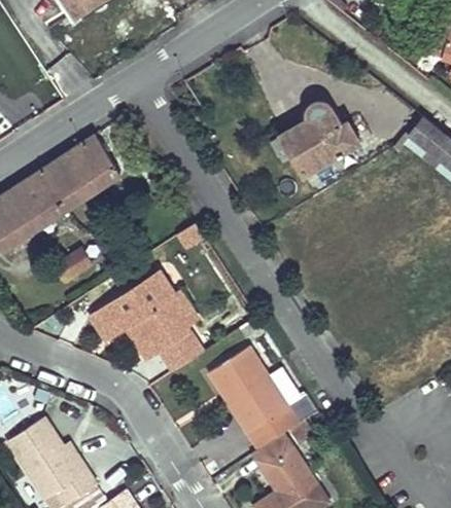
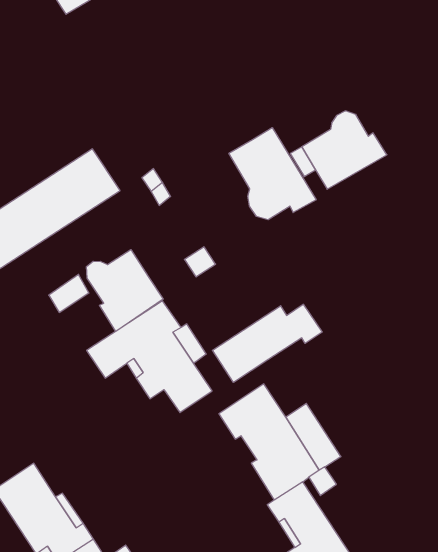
building: none -> [229,128,316,220]
building: none -> [87,250,163,331]
building: none -> [212,304,322,382]

